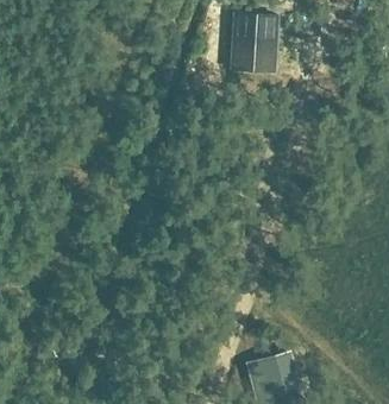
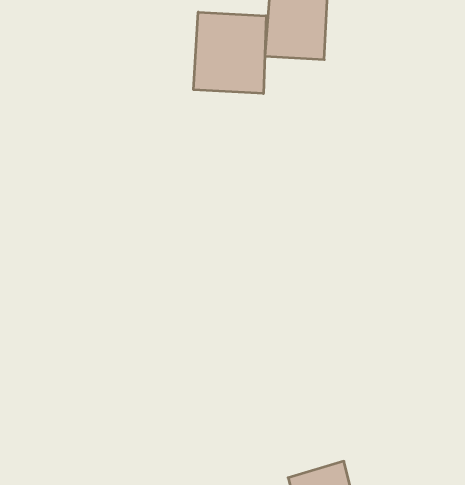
building: none -> [194,12,266,94]

